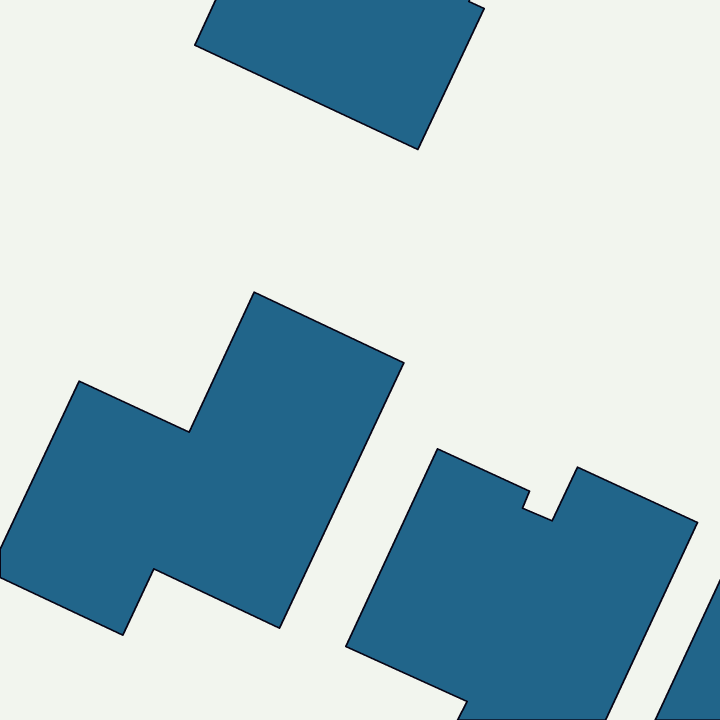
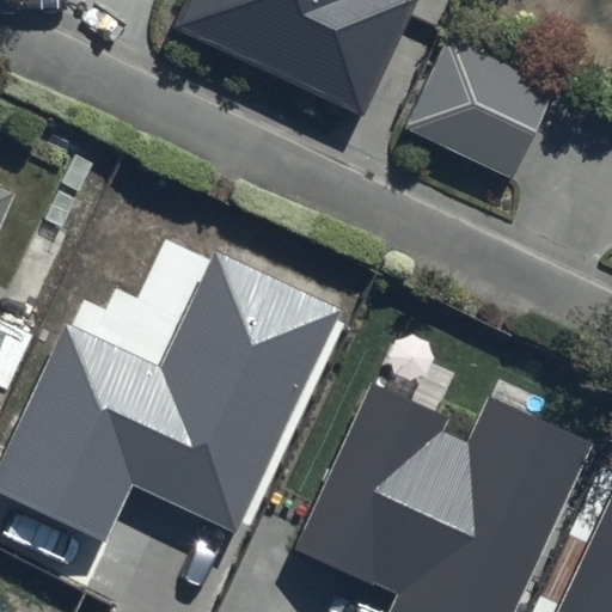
building: none -> [400,43,553,189]

